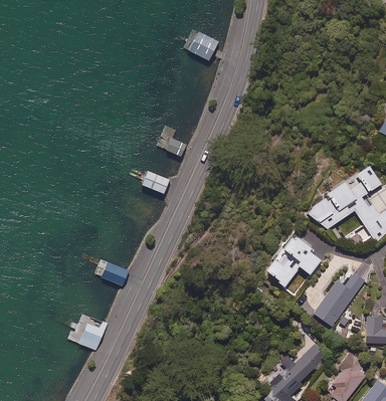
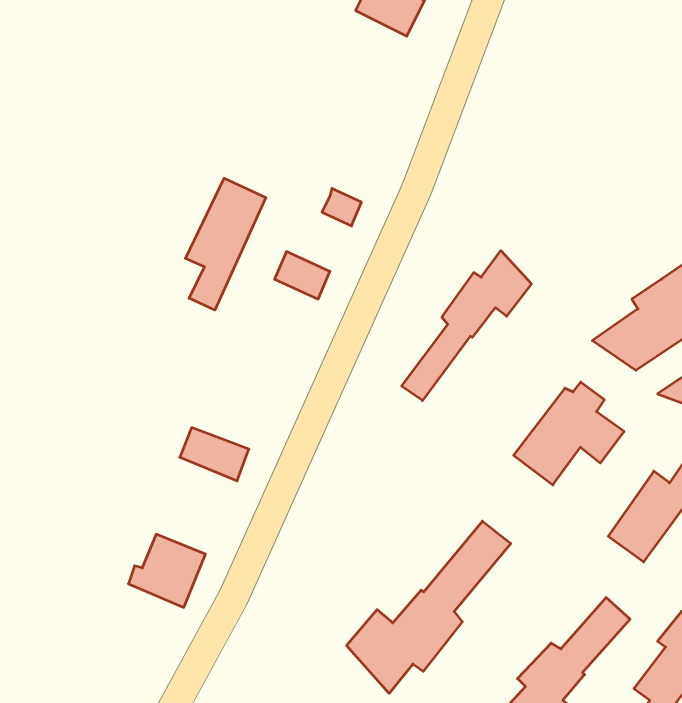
building: none -> [185,178,266,310]
building: none -> [402,251,531,401]
building: none -> [347,521,511,693]

